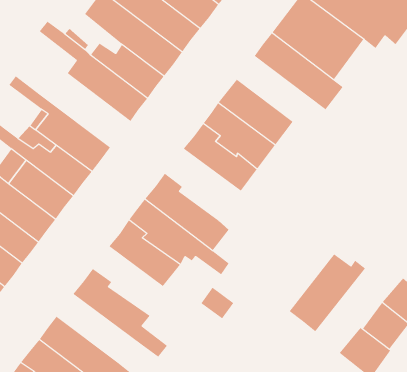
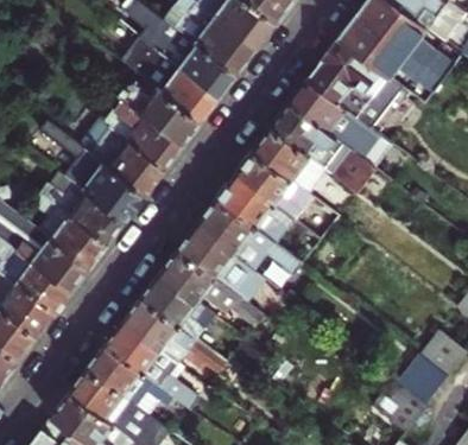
building: none -> [272,102,377,191]
building: none -> [72,116,164,196]
building: none -> [198,197,302,272]
building: none -> [125,297,229,376]
building: [289,253,366,332] -> none
building: none -> [88,345,175,415]

